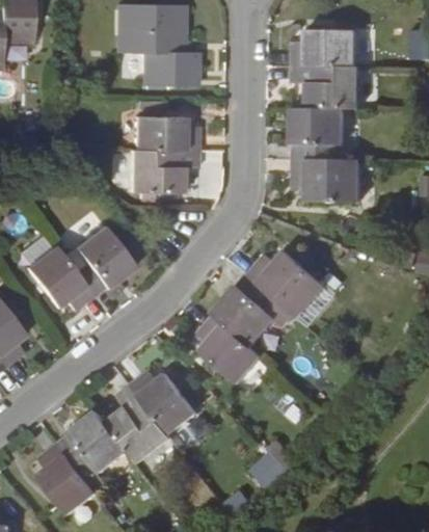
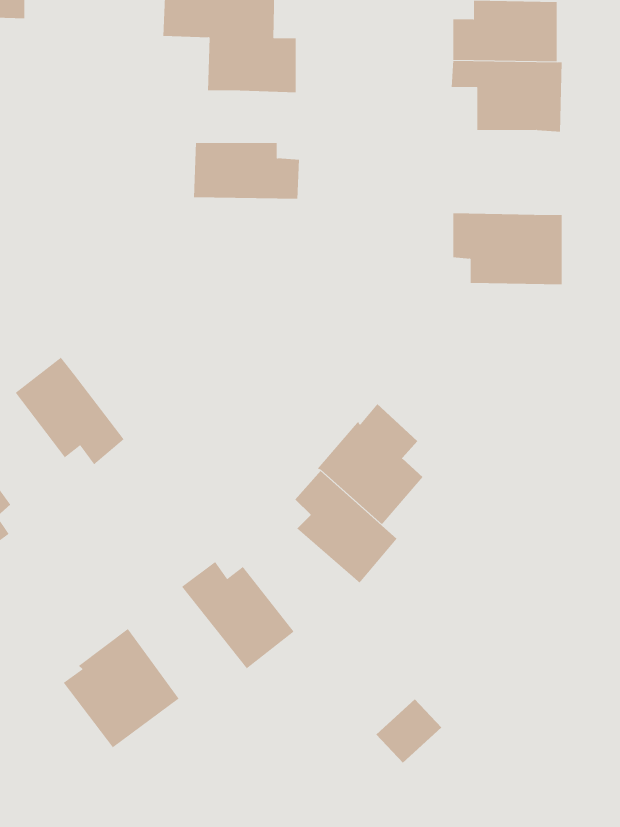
building: [289,107,343,159] -> none
building: [131,149,198,191] -> none
building: [63,224,135,295] -> none
building: [246,250,324,317] -> none
building: [104,384,169,463] -> none
building: [35,443,95,514] -> none

